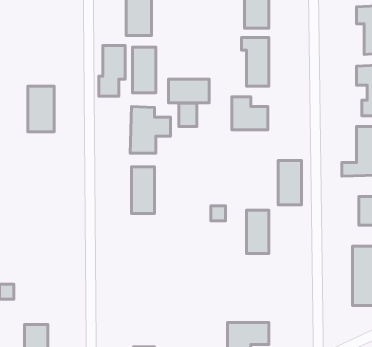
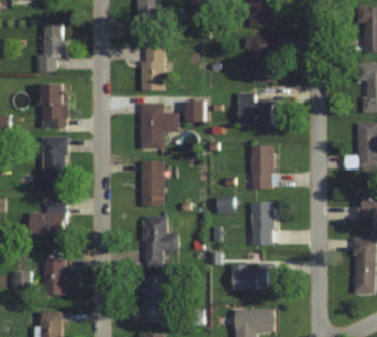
building: [99,45,125,96] -> [37,23,63,72]
building: [169,79,209,103] -> none
building: none -> [43,136,67,190]
building: [278,160,301,205] -> [251,145,274,188]
building: none -> [29,204,65,235]
building: none -> [144,215,178,265]
building: none -> [45,258,65,295]
building: none -> [231,263,274,290]
building: none -> [143,275,167,323]

